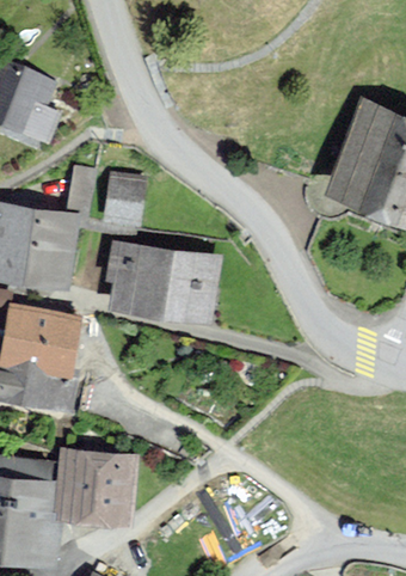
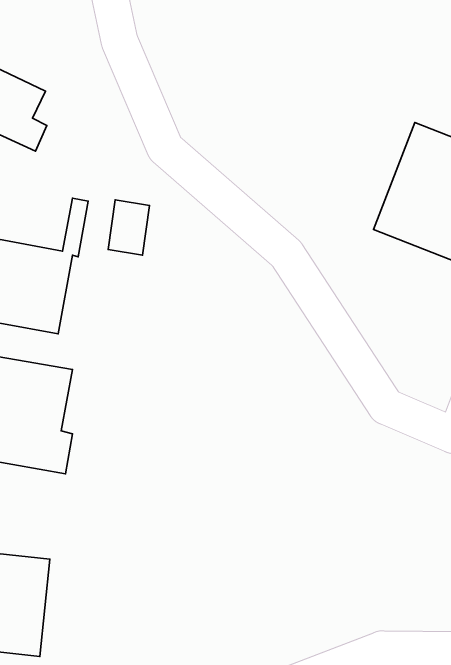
building: [109,239,217,320] -> none
building: [60,451,135,521] -> none

